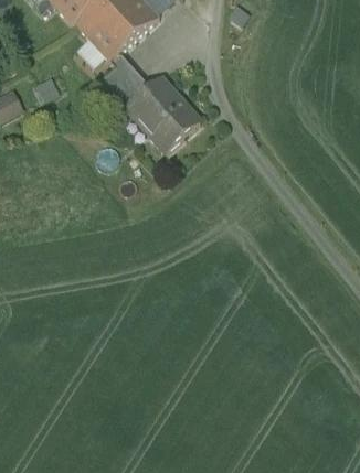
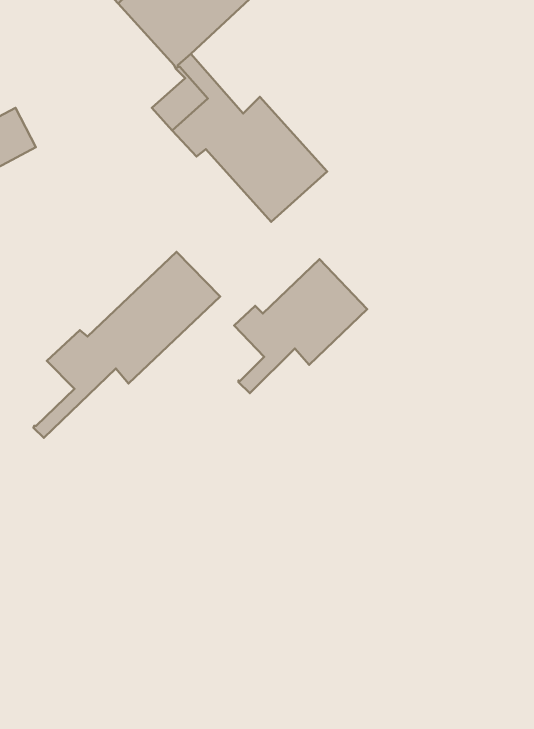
building: none -> [34,252,220,438]
building: none -> [234,259,367,393]

